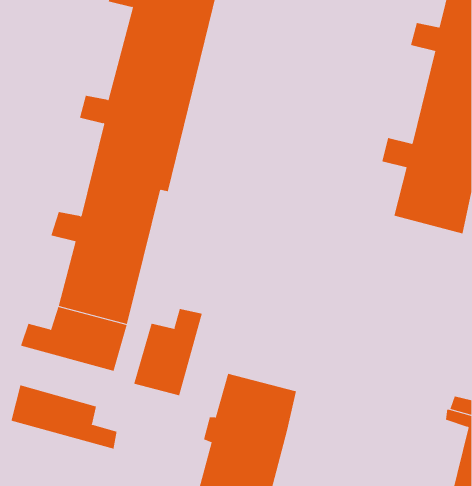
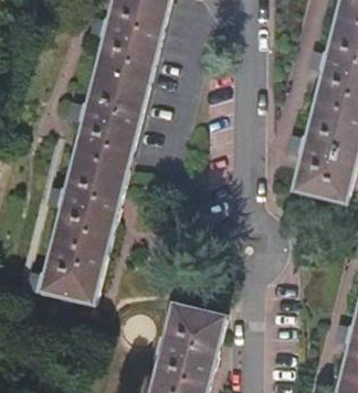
building: [134,308,202,396] -> none
building: [11,384,117,450] -> none

